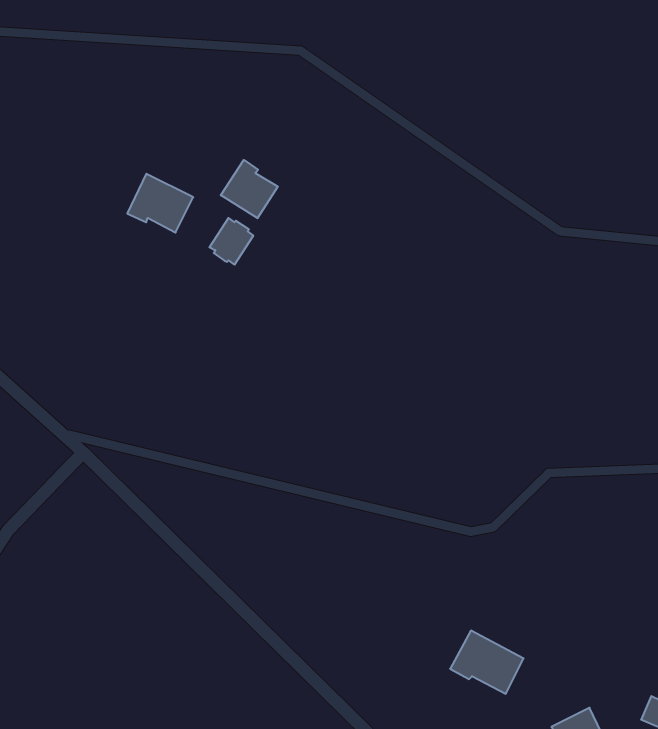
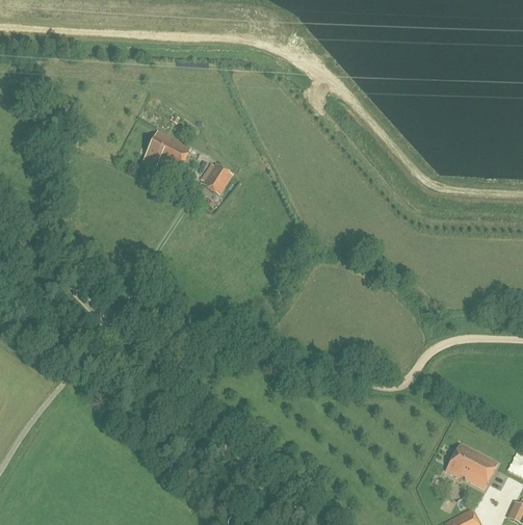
building: [221,160,278,218] -> none
building: [450,631,524,694] -> [445,443,497,488]

